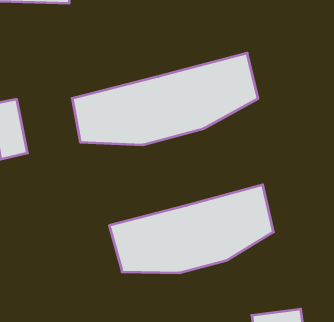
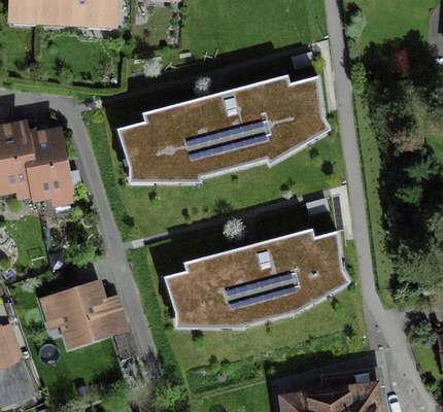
building: none -> [45,285,126,345]

